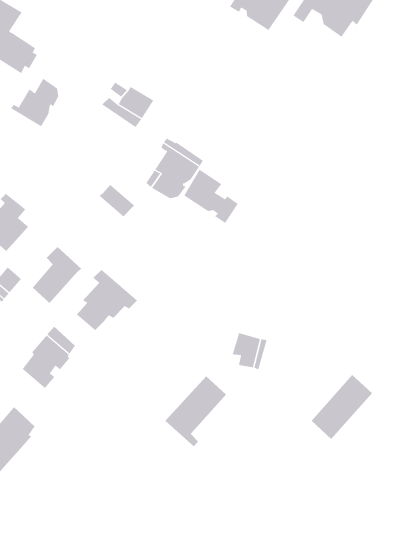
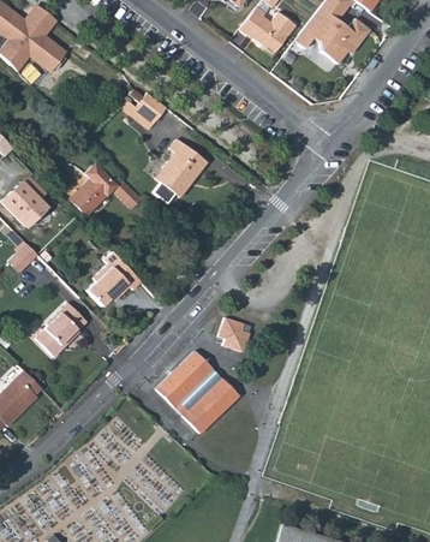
building: [10,78,59,127] -> none
building: [184,169,238,224] -> none
building: [32,246,82,304] -> [70,162,115,213]
building: [311,374,373,440] -> [181,379,238,435]

